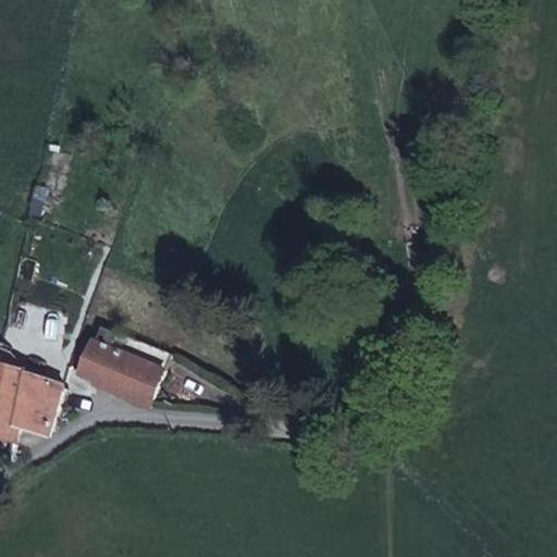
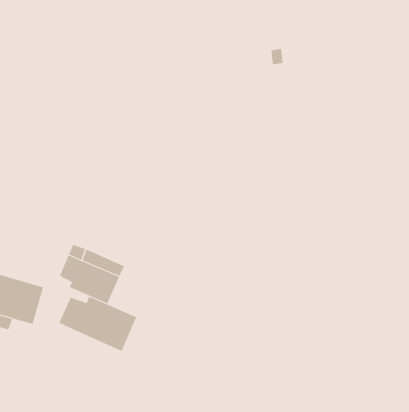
building: none -> [59,296,137,352]

